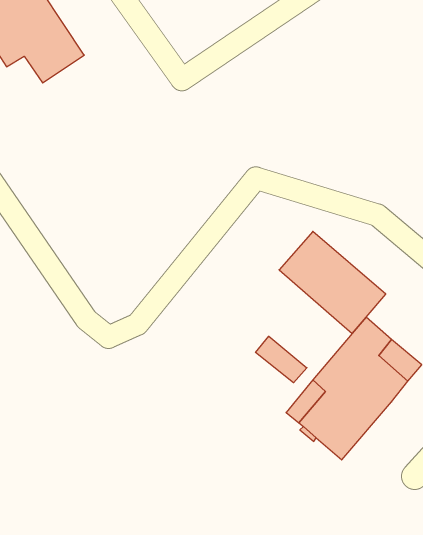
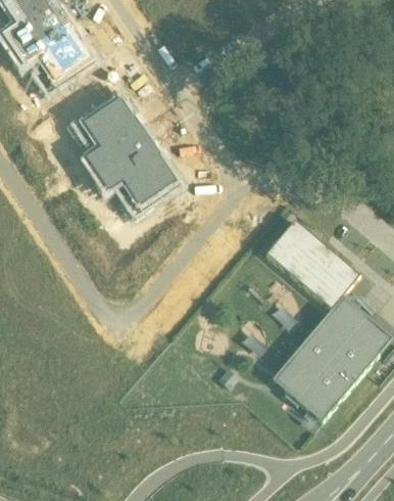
building: none -> [84,103,177,210]
building: [256,336,307,383] -> none

